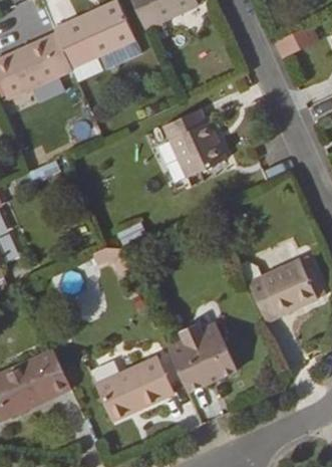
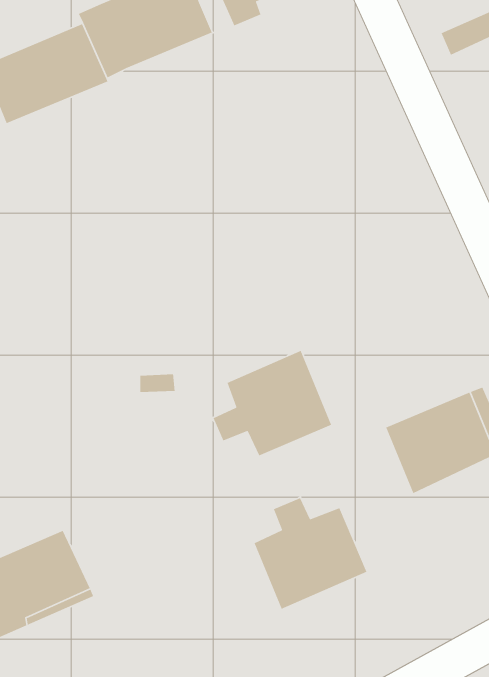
building: [155,112,219,180] -> none
building: none -> [212,350,332,456]
building: [94,359,174,421] -> none

